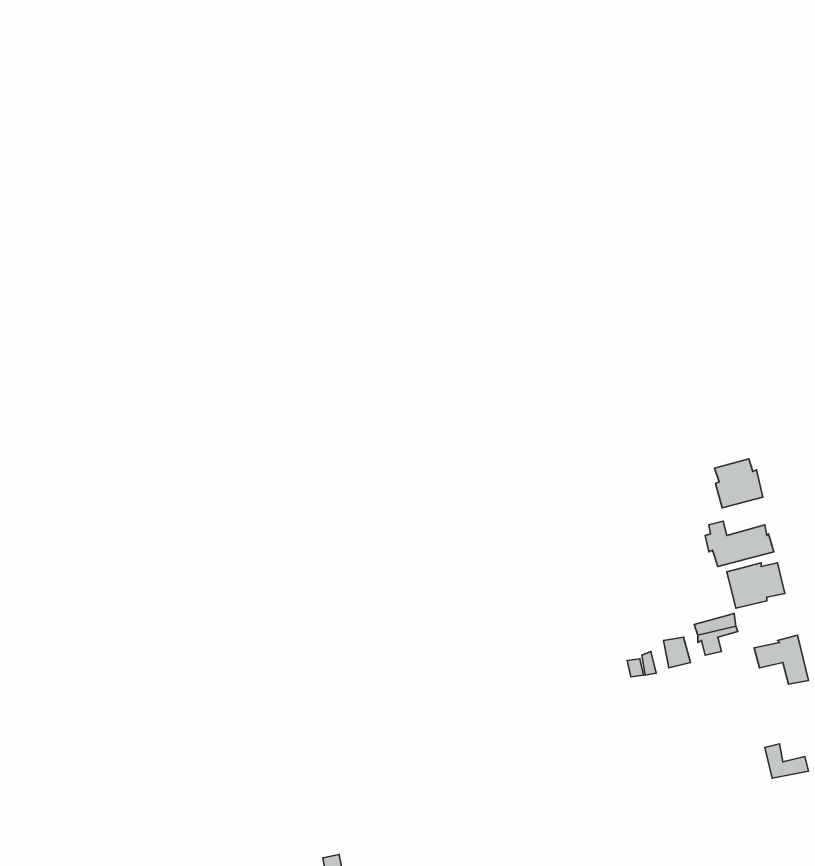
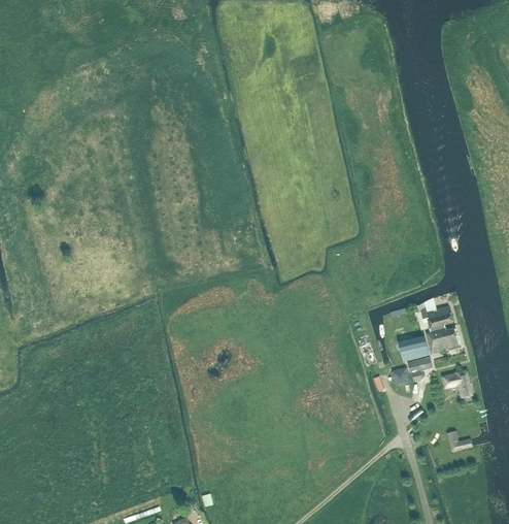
building: [714,459,763,508] -> none
building: none -> [399,334,430,360]

